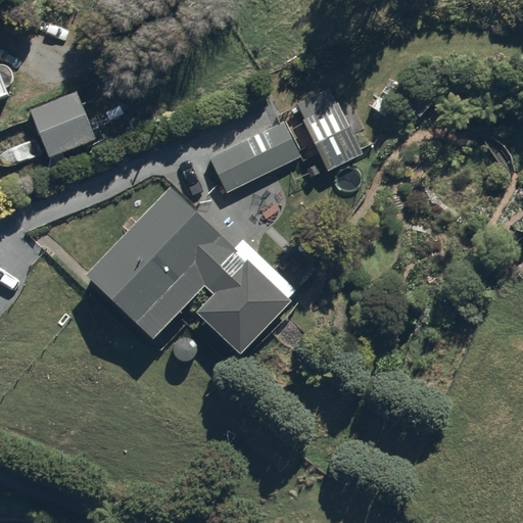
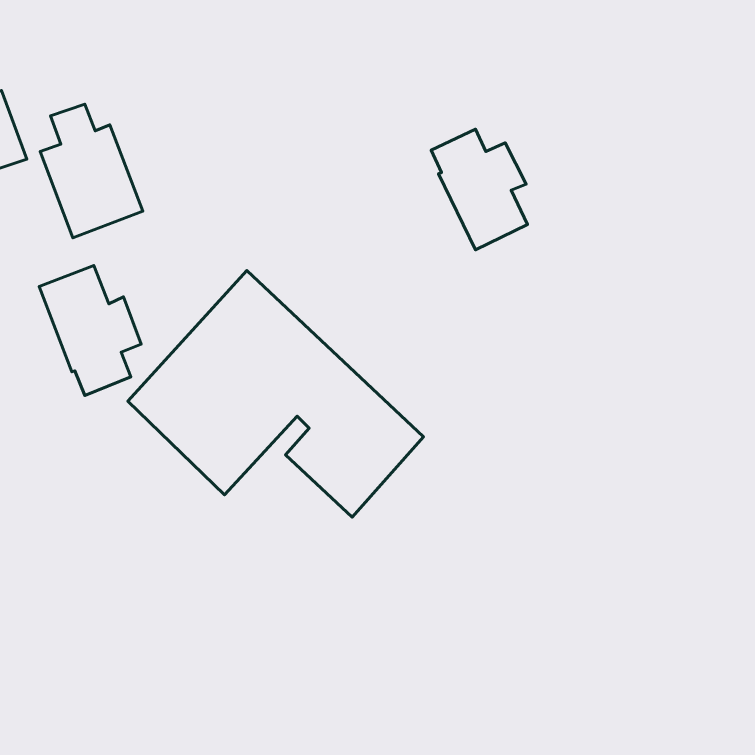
building: [207,120,300,193] -> none
building: none -> [39,265,141,396]

